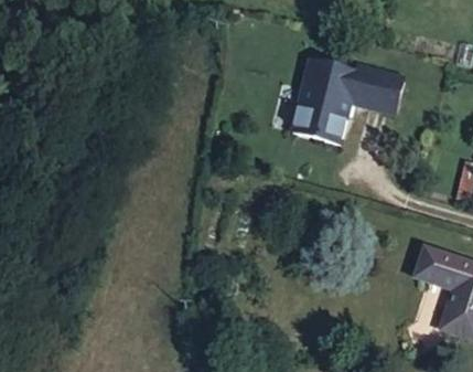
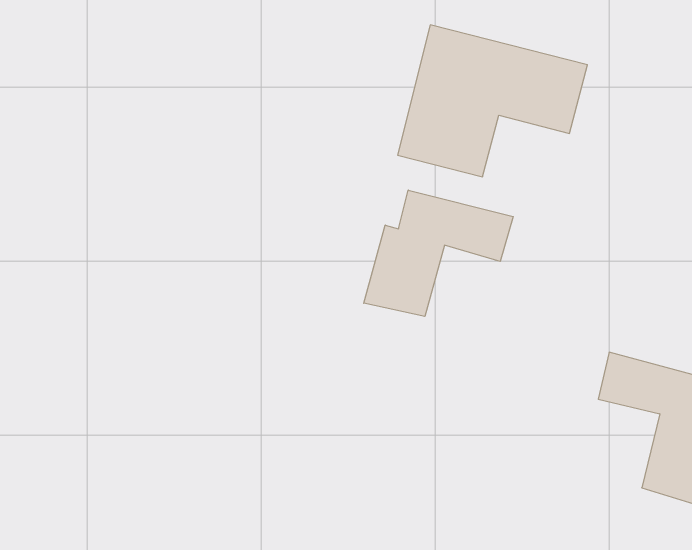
building: none -> [364,190,513,316]

